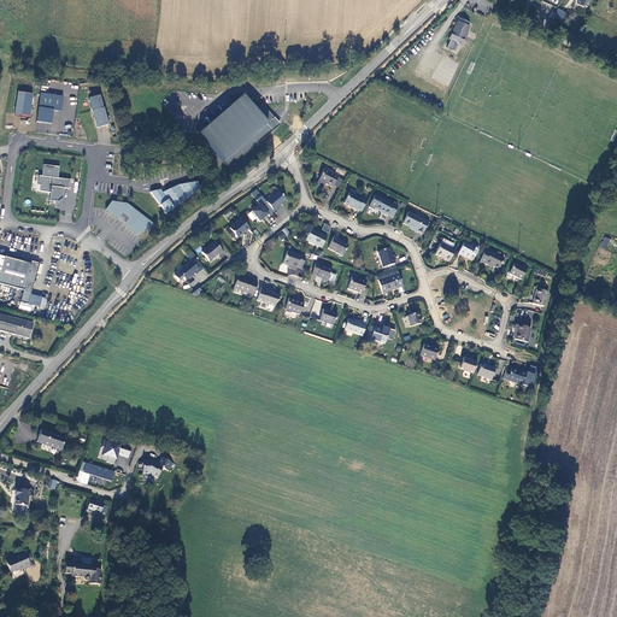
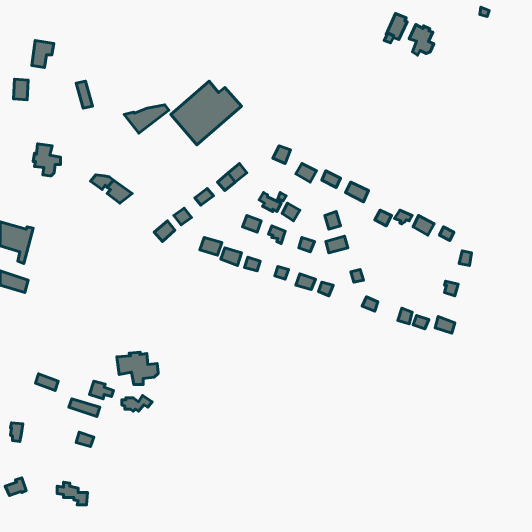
building: none -> [409,24,434,55]
building: [37,94,63,125] -> [32,40,54,67]
building: [151,182,202,215] -> [124,105,169,133]
building: none -> [117,352,158,385]

